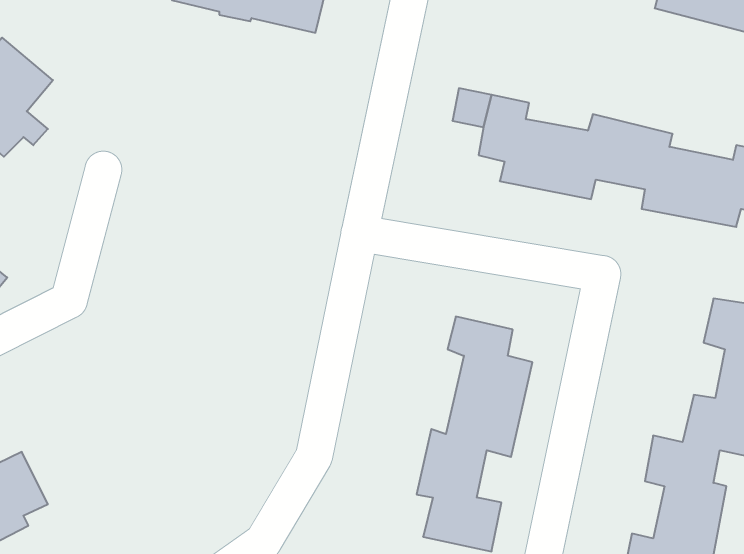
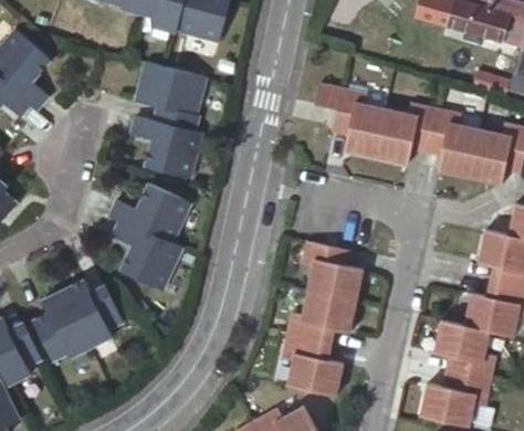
building: none -> [130,70,197,179]
building: none -> [101,186,175,290]
building: none -> [32,285,119,362]

